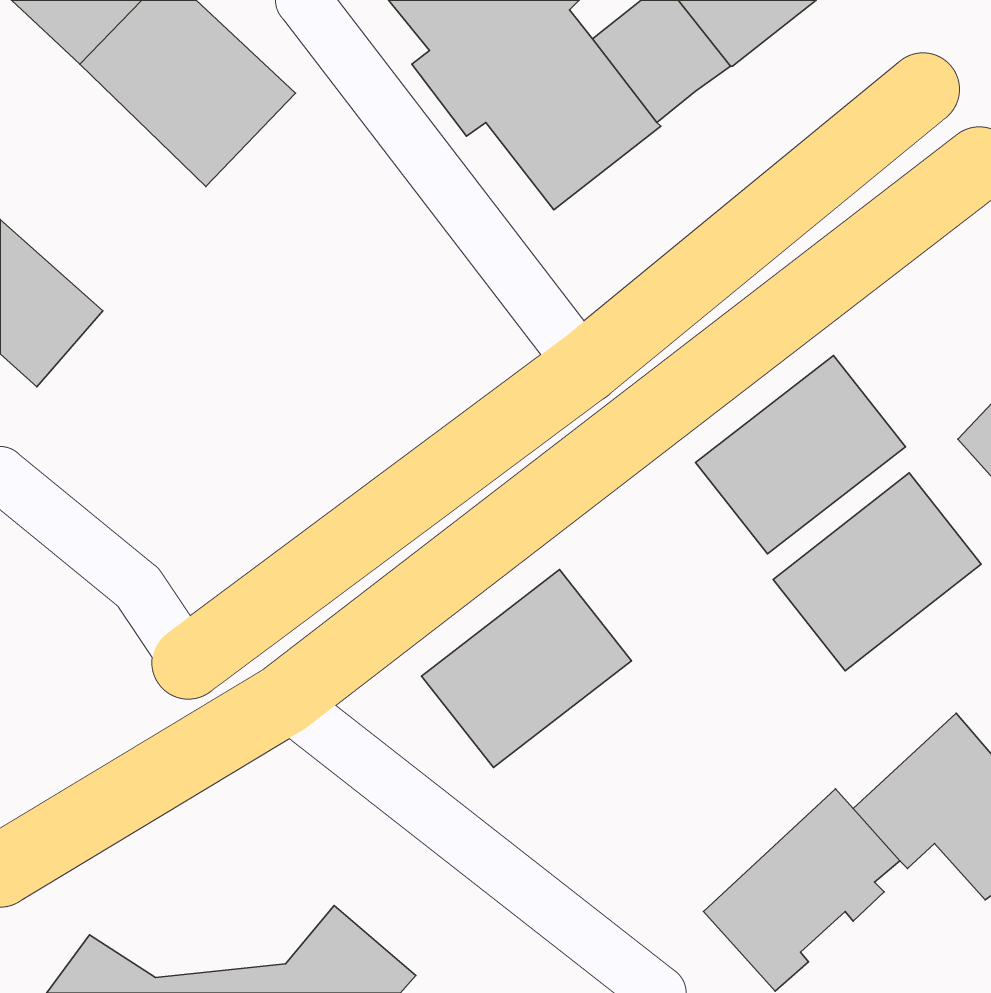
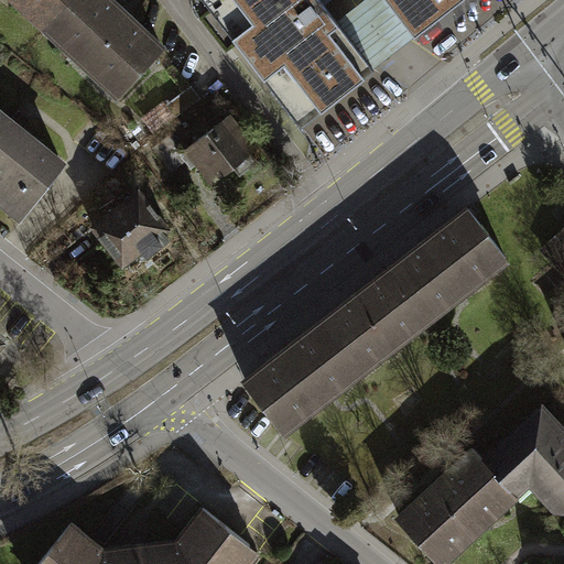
building: none -> [185,120,262,197]
building: none -> [89,198,169,278]
building: [773,473,981,671] -> [318,262,436,375]

